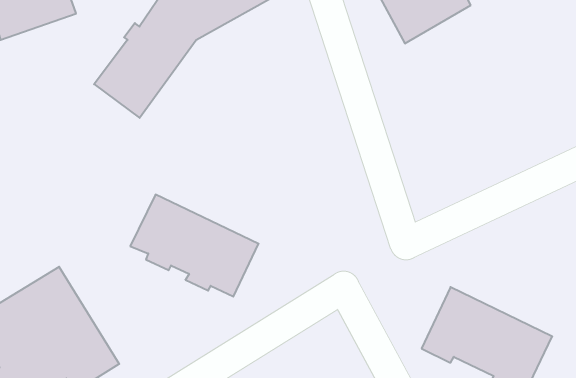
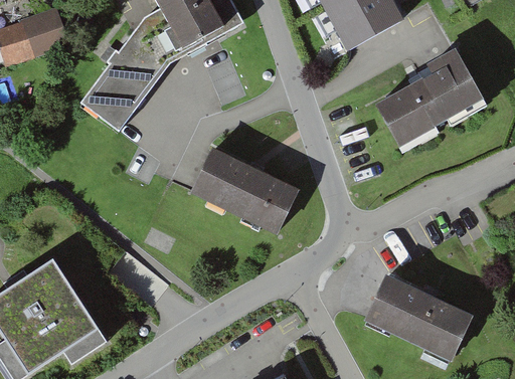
building: none -> [372,64,483,164]
building: [130,195,259,297] -> [191,147,299,232]

